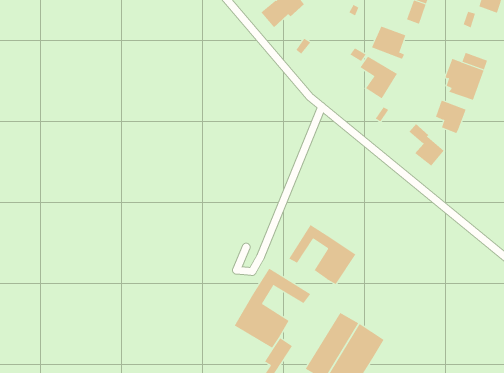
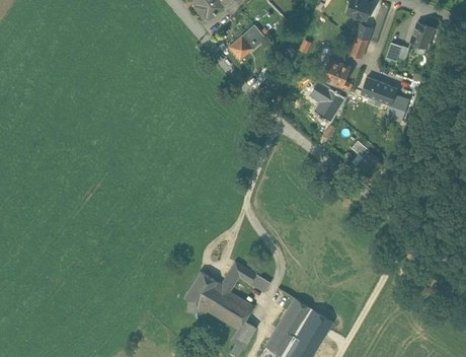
building: [435,100,467,134] -> [363,77,389,105]
building: [289,224,356,285] -> none
building: none -> [183,272,221,312]

